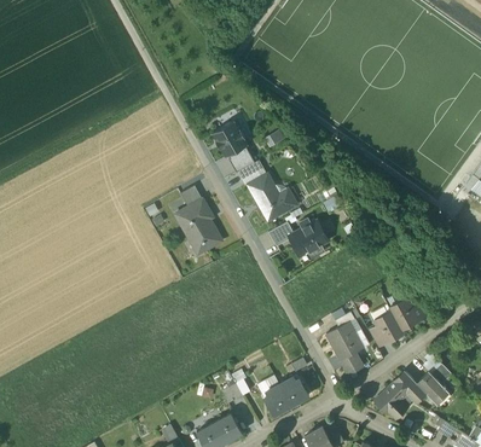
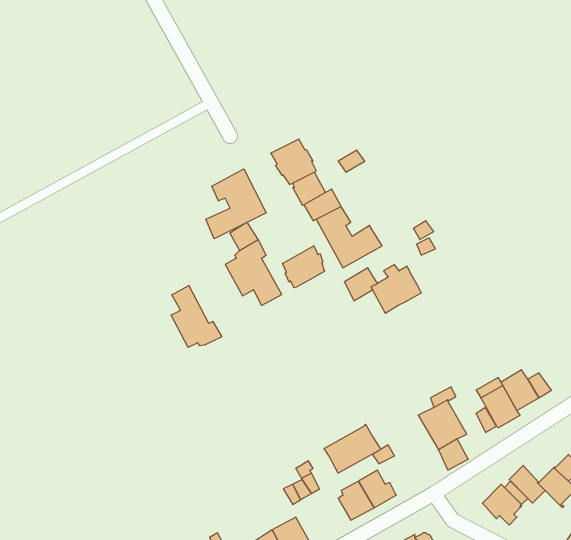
building: none -> [206,169,266,239]
building: none -> [282,246,324,288]
building: none -> [171,285,222,347]
building: none -> [324,424,381,473]

